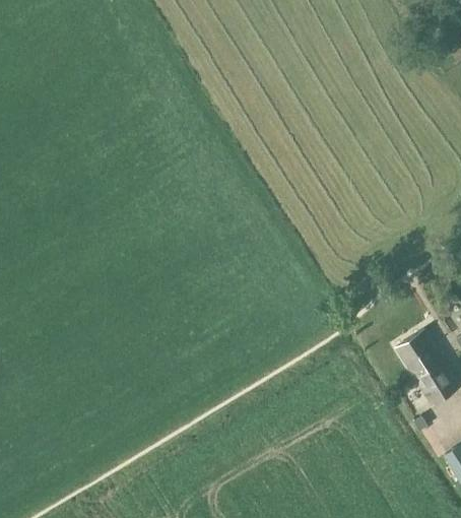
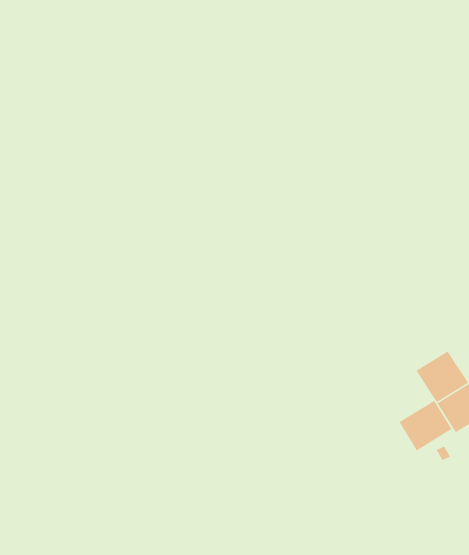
building: none -> [399,400,452,451]

